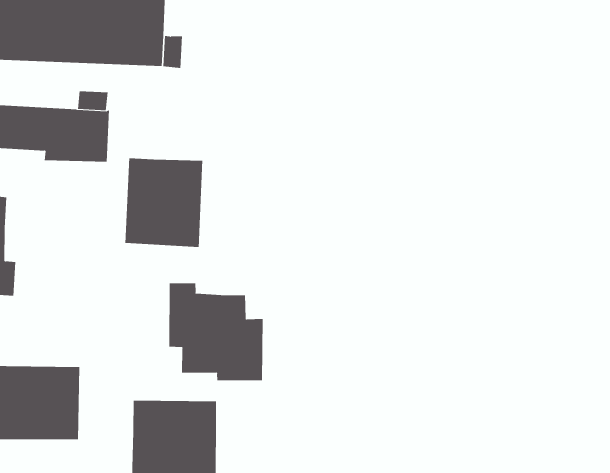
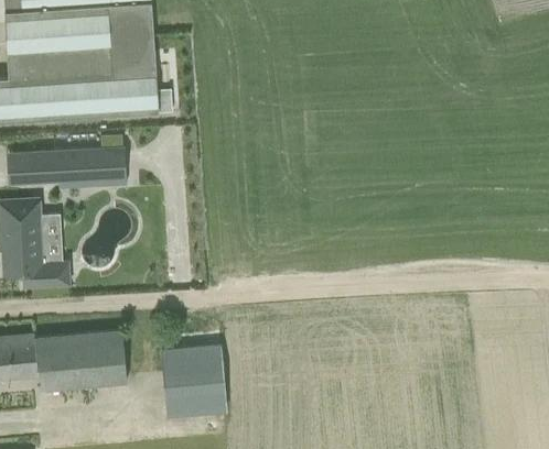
building: [125,157,203,248] -> none
building: [169,282,263,381] -> none

